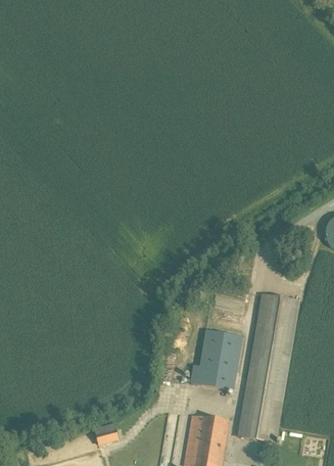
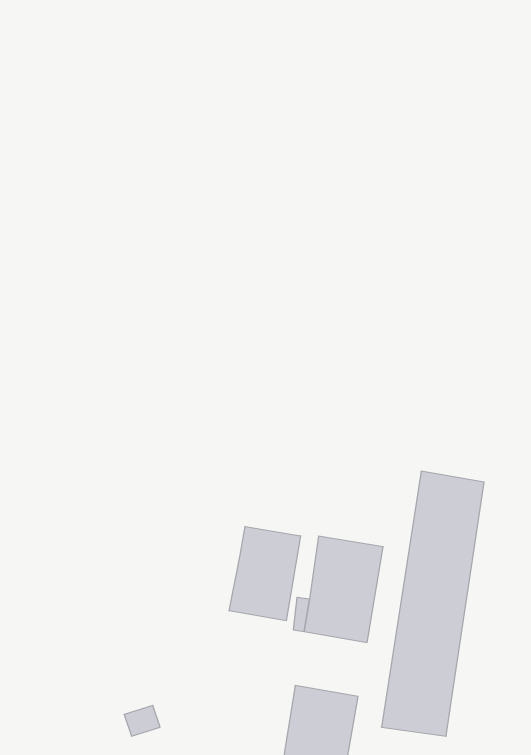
building: none -> [229,526,301,621]

